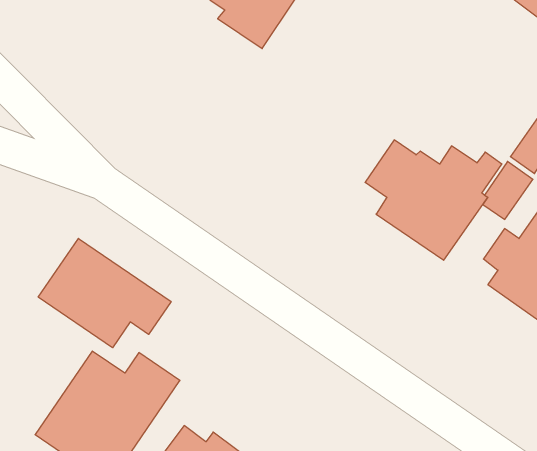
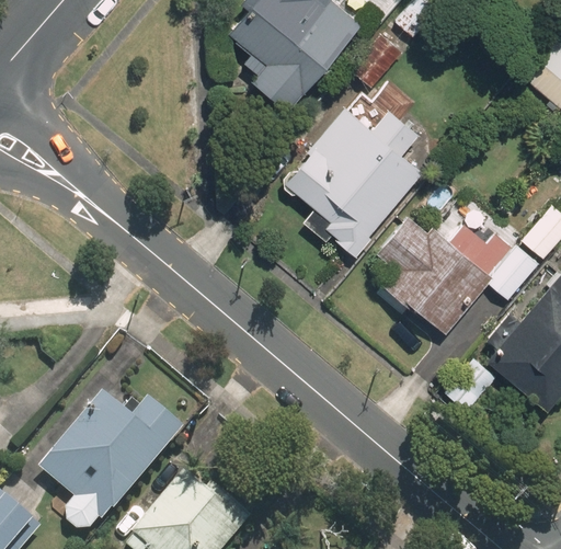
building: none -> [283,106,423,261]
building: [38,238,171,348] -> none

